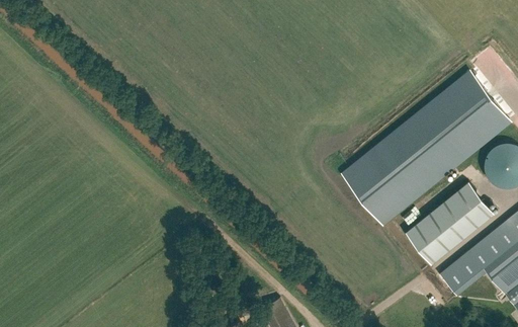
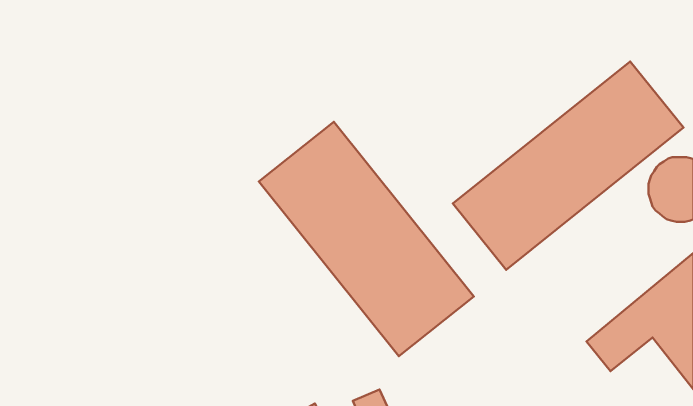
building: none -> [259,122,474,356]
building: [405,182,494,265] -> none

